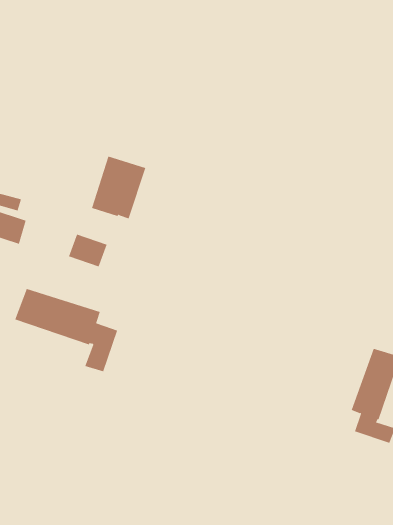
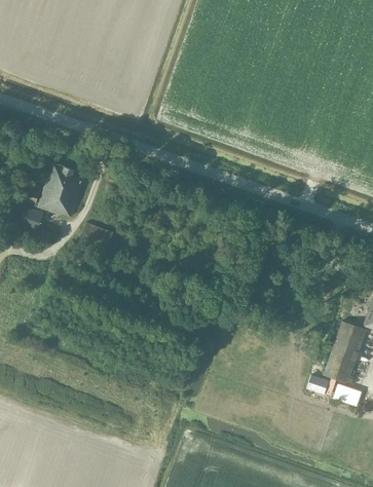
building: [91,156,146,219] -> [38,162,85,217]
building: [15,288,118,372] -> none

